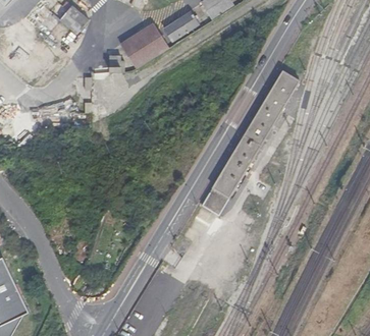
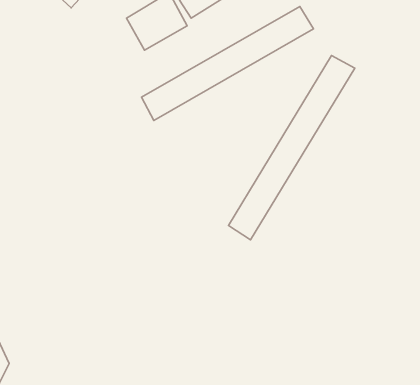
building: none -> [142,7,313,121]

